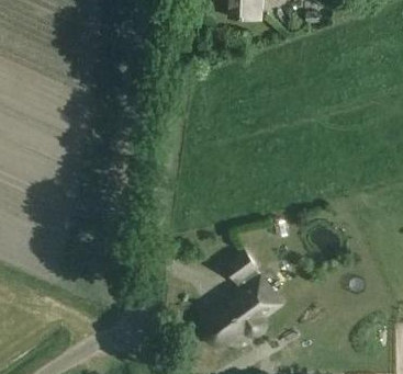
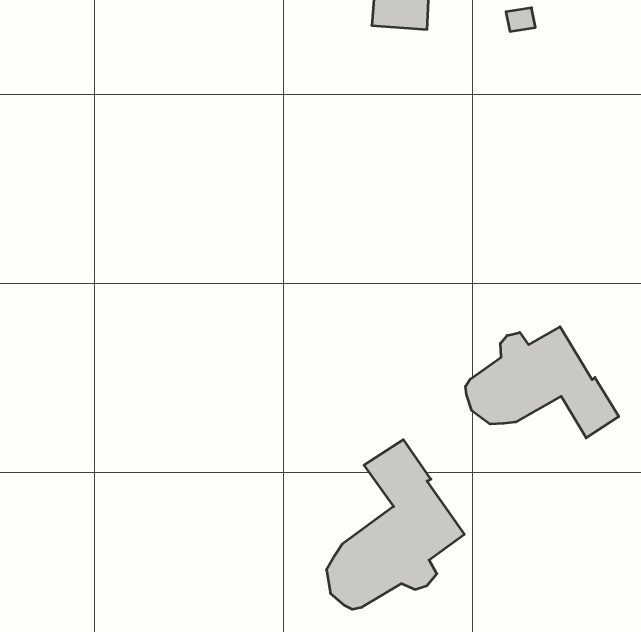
building: none -> [465,327,619,438]

